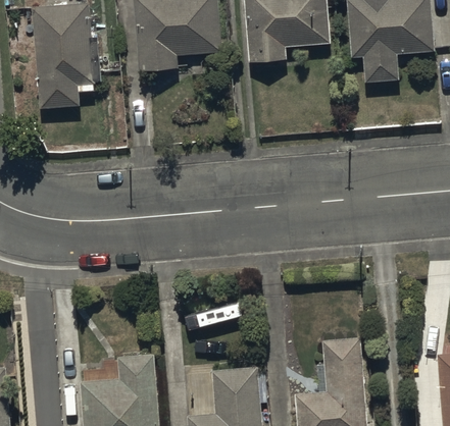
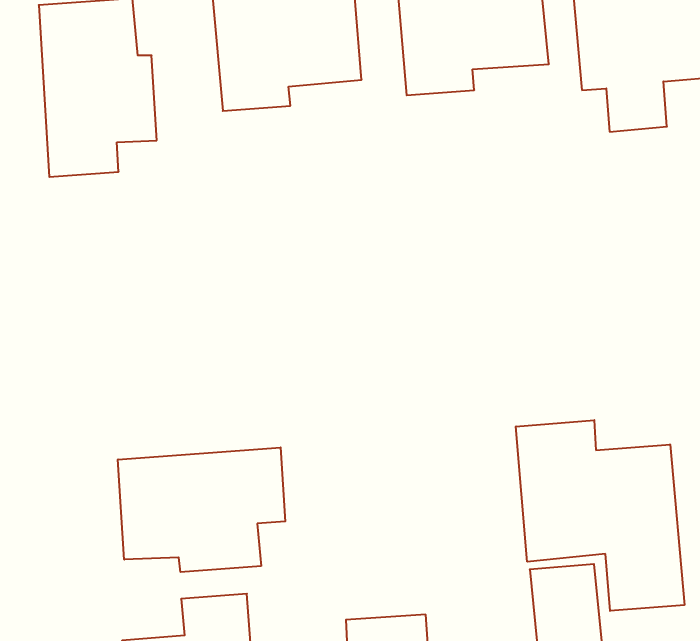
building: none -> [516,420,684,611]
building: none -> [118,447,285,572]

